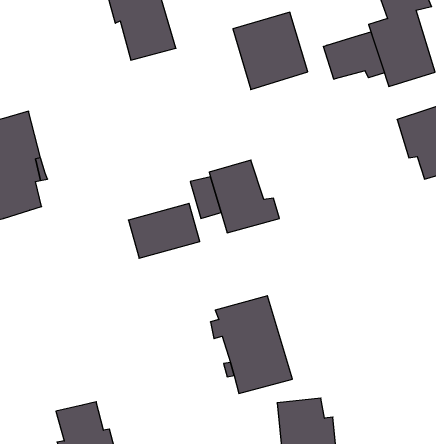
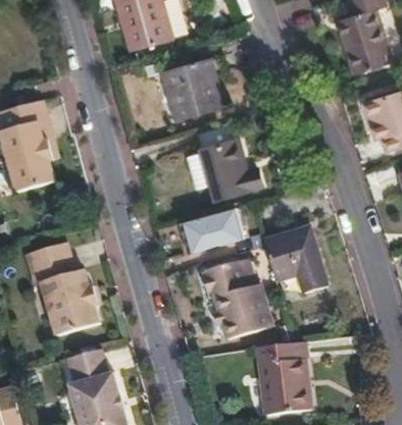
building: [233,12,308,90] -> [159,58,223,124]
building: [323,32,384,79] -> none
building: [128,203,200,258] -> [189,202,250,249]
building: none -> [265,230,323,295]
building: none -> [31,236,106,329]

